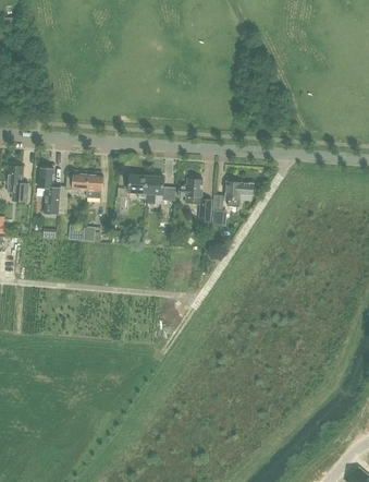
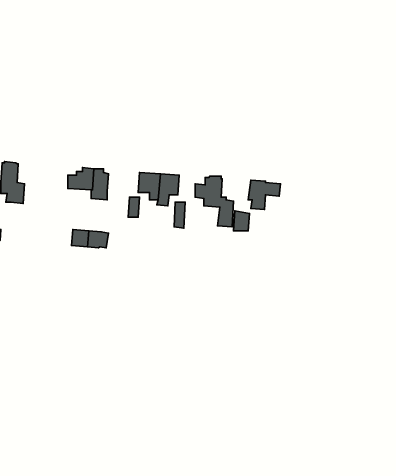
building: [37,166,59,212] -> none

